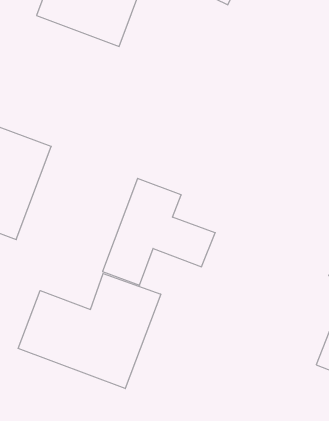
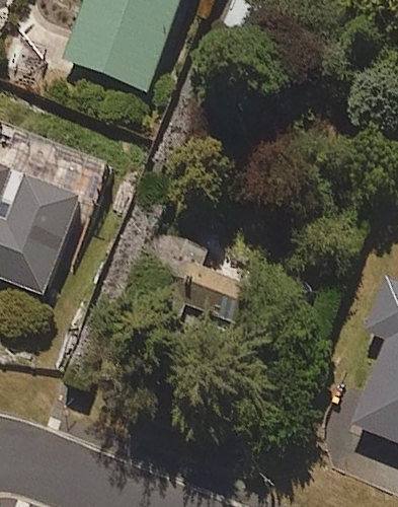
building: [18,273,161,389] -> none

